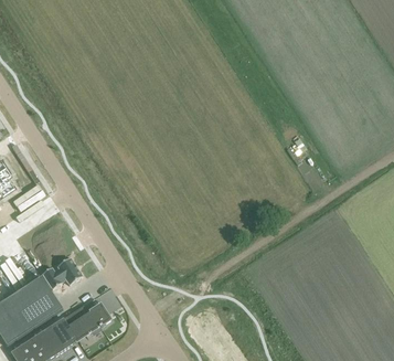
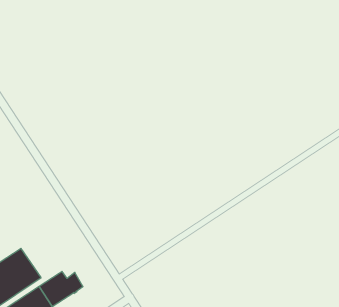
building: [42,256,82,288] -> none

